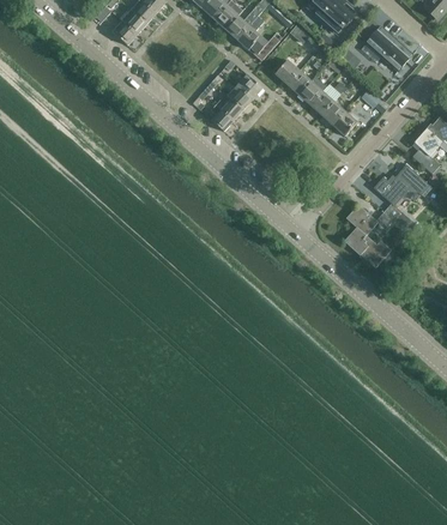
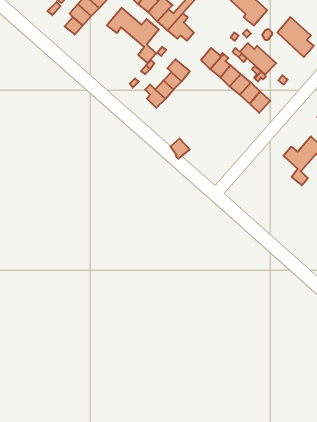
building: none -> [107,8,159,63]
building: none -> [240,43,276,75]
building: [343,206,394,267] -> none

